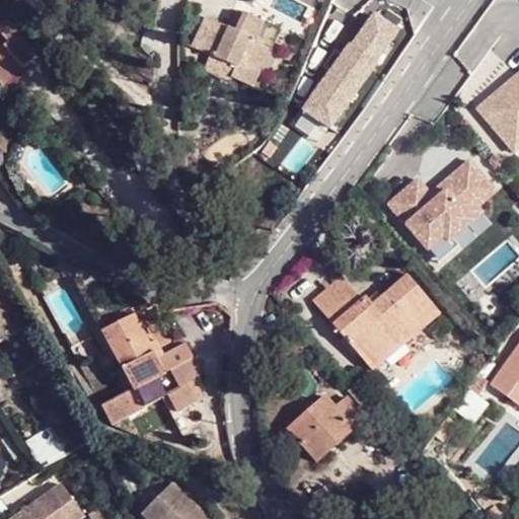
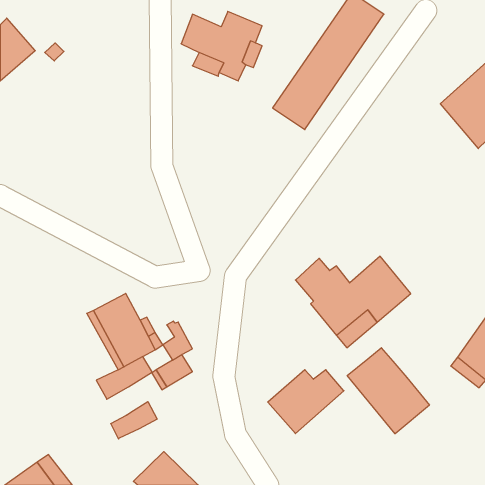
building: [383,156,501,256] -> none
building: none -> [347,348,429,434]
building: none -> [111,402,157,439]

